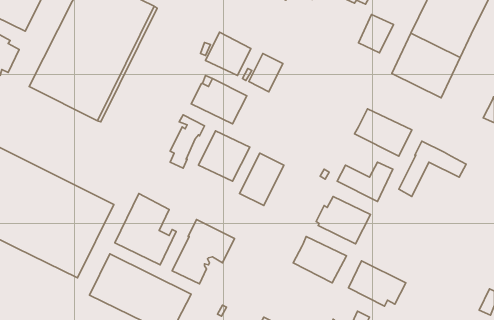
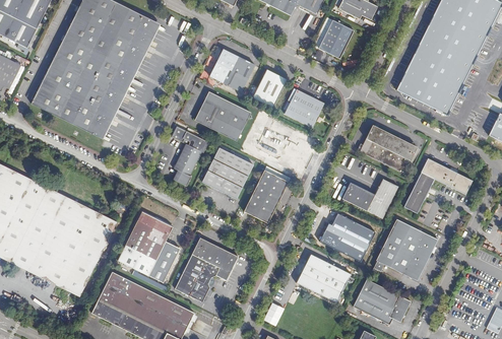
building: [358,15,394,53] -> [318,19,354,58]
building: none -> [284,89,323,128]
building: none -> [374,218,437,280]

